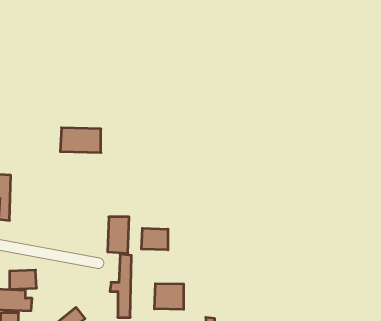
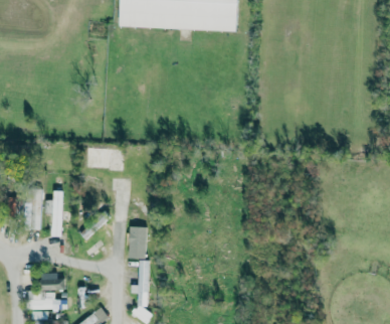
building: none -> [45,190,63,235]
building: [141,228,168,250] -> none
building: [154,284,184,309] -> none

